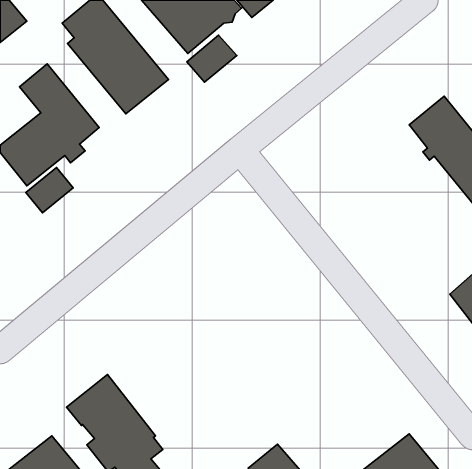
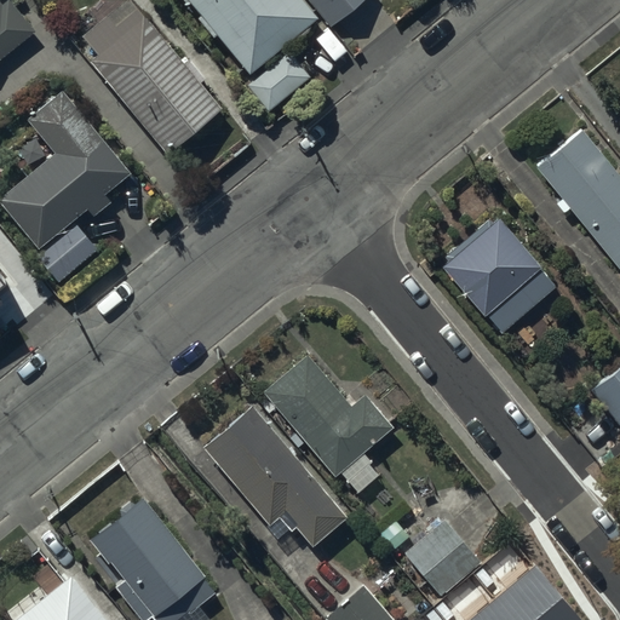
building: none -> [441,218,555,332]
building: none -> [262,355,392,494]
building: none -> [202,404,346,545]
building: none -> [403,518,481,596]

